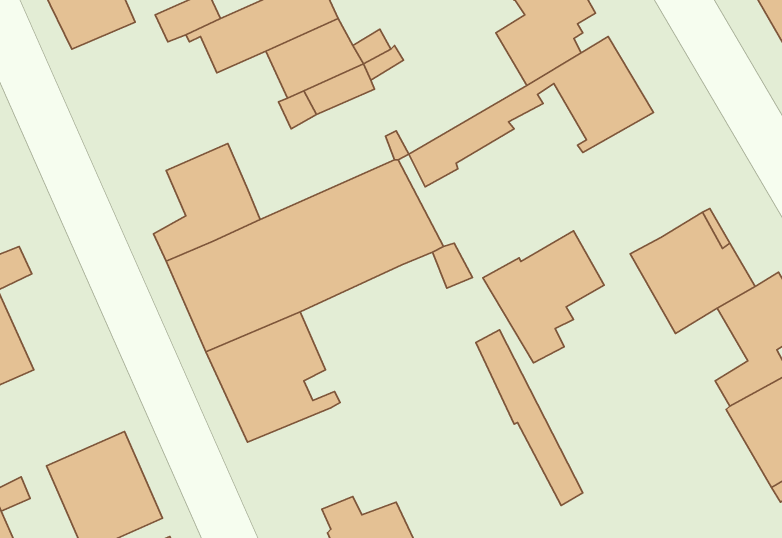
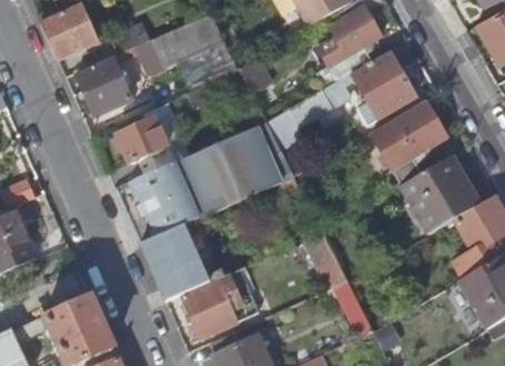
building: none -> [77,58,130,115]
building: [483,231,604,363] -> [370,103,445,185]
building: none -> [182,267,258,337]

